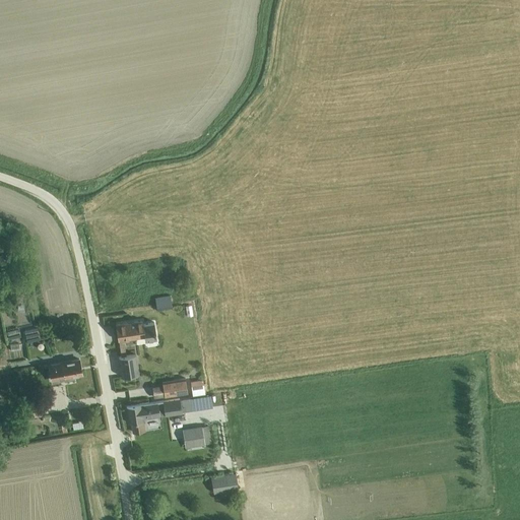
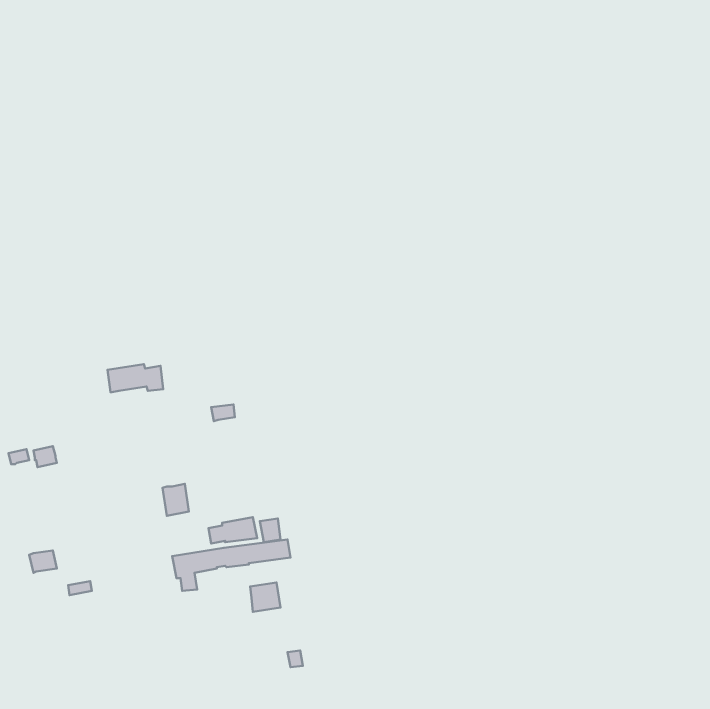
building: [116,321,156,341] -> [108,364,163,392]
building: [49,360,82,383] -> none

